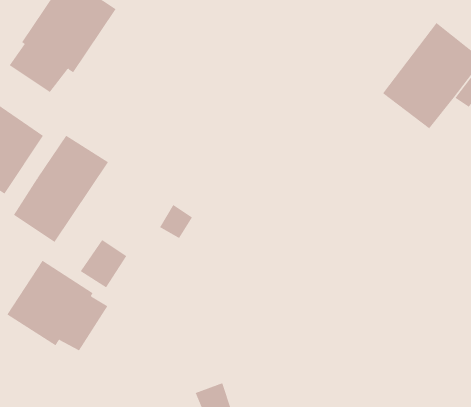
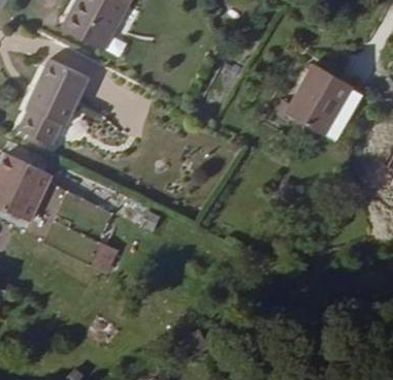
building: [13,135,109,243] -> none
building: [7,260,108,351] -> none

